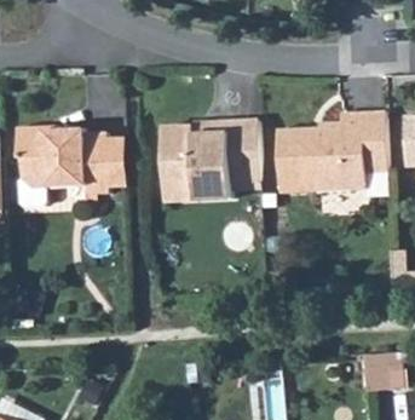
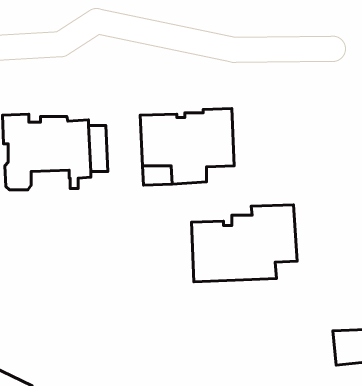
building: [276,111,387,192] -> [192,205,297,282]

